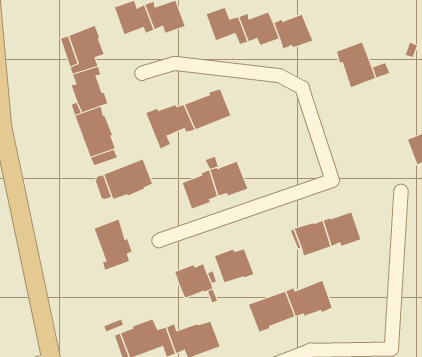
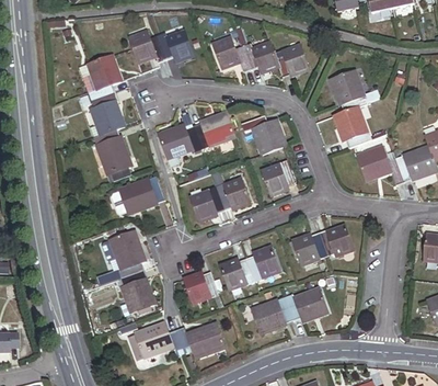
building: none -> [332,105,371,148]
building: none -> [241,115,286,154]
building: none -> [356,146,403,184]
building: none -> [261,159,295,195]
building: none -> [246,246,280,281]
building: none -> [119,269,154,311]

